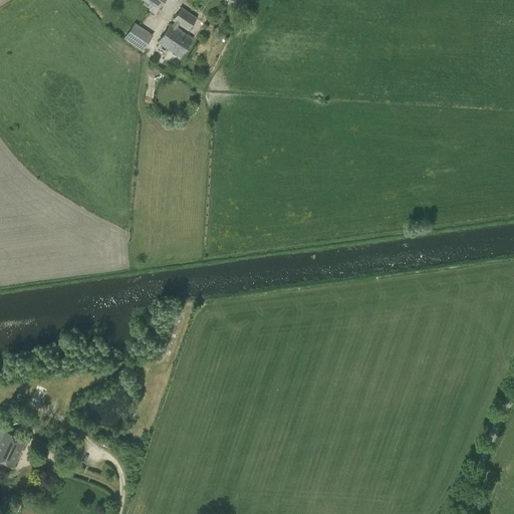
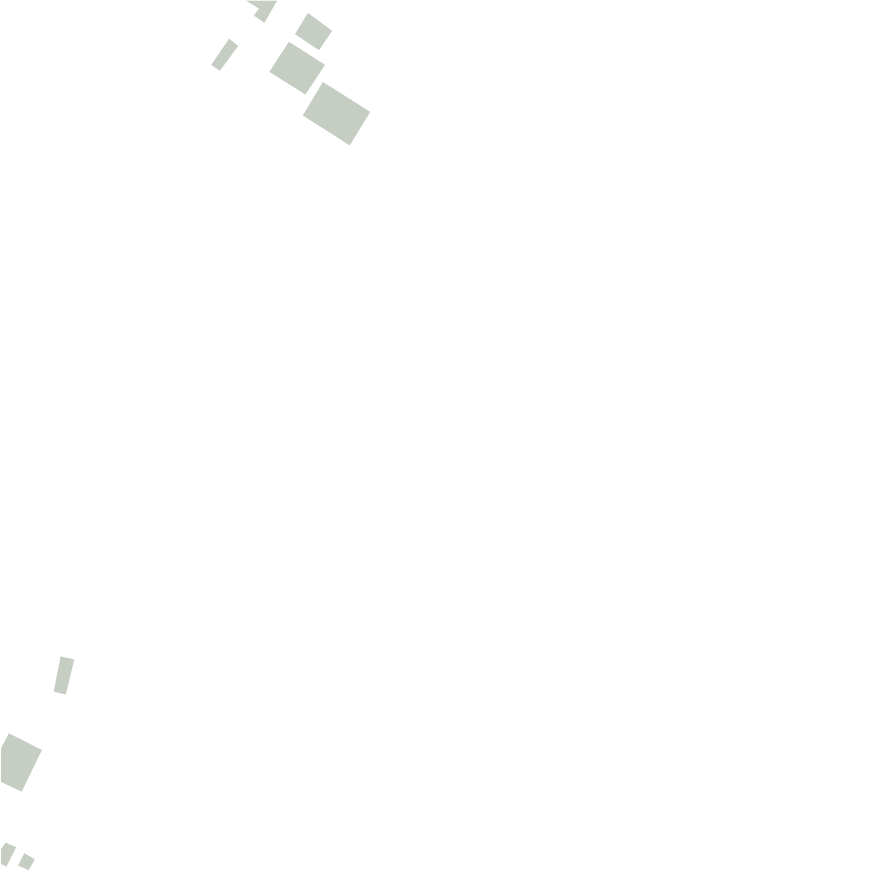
building: none -> [302,81,371,147]

